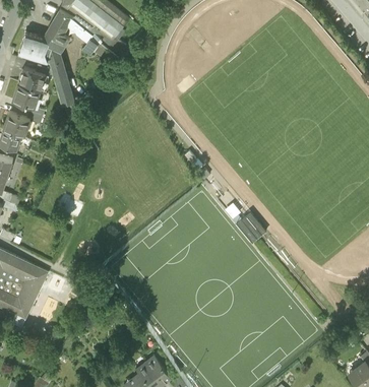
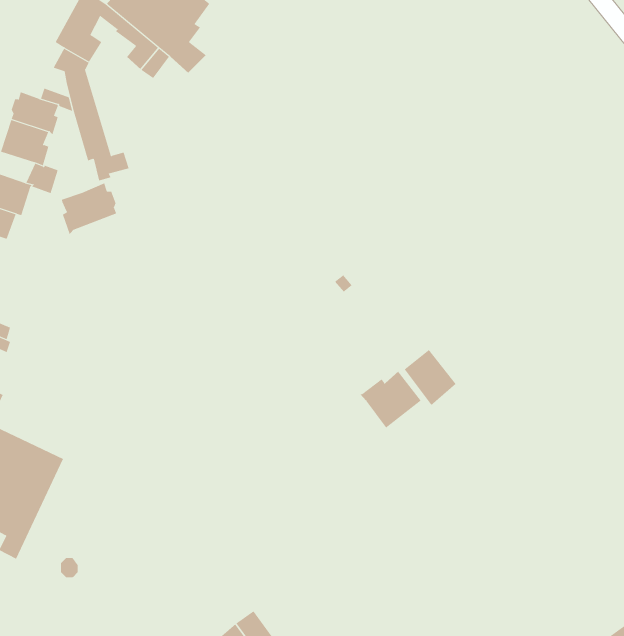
building: [19,35,50,63] -> none
building: none -> [61,183,117,235]
building: none -> [360,371,421,428]

